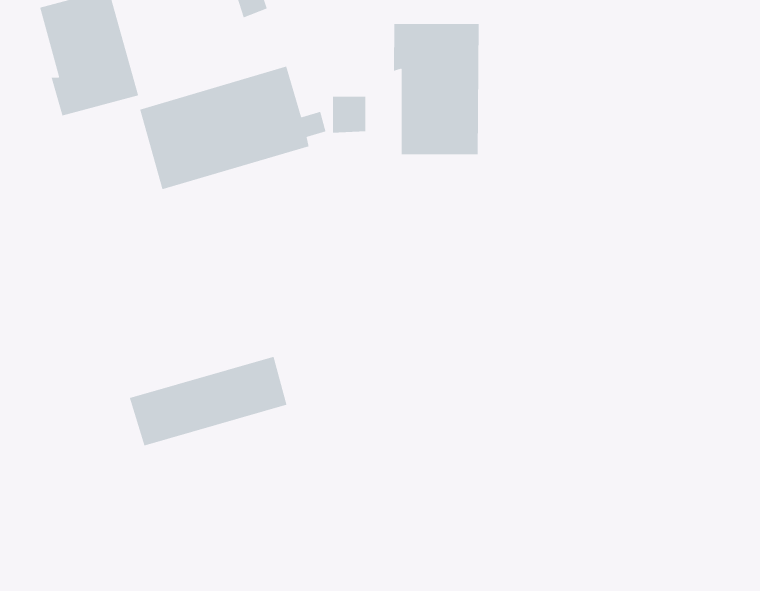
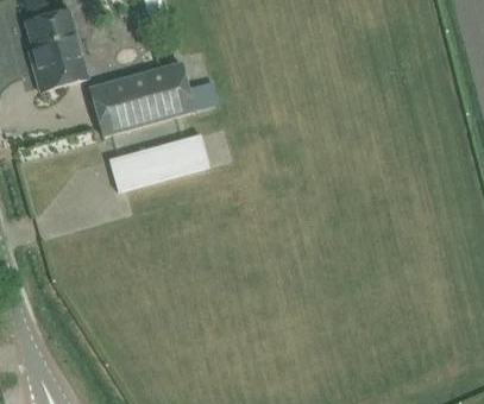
building: [393,23,480,155] -> none
building: [129,356,287,447] -> [108,134,208,191]

